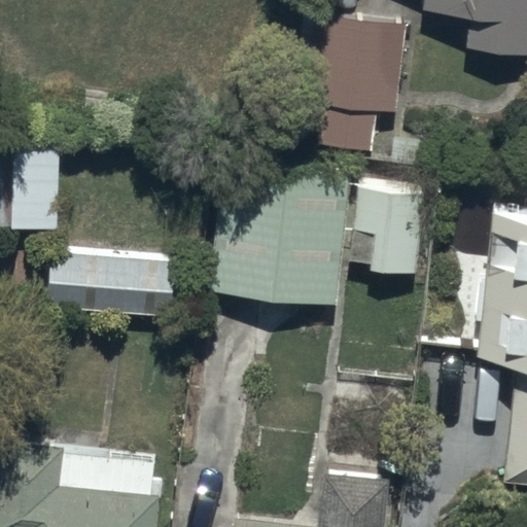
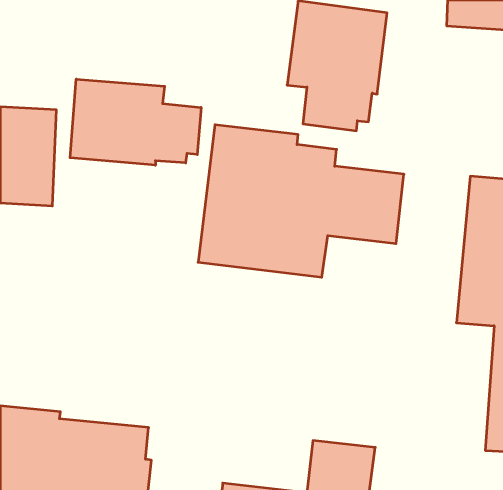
building: none -> [70,79,201,165]
building: [47,252,178,319] -> none

